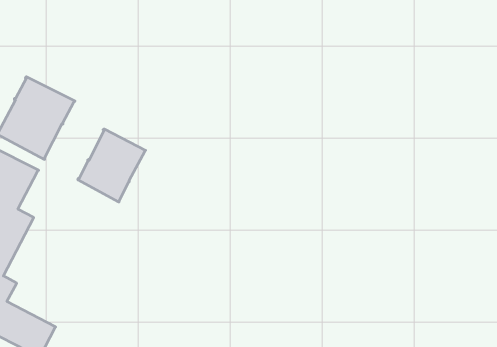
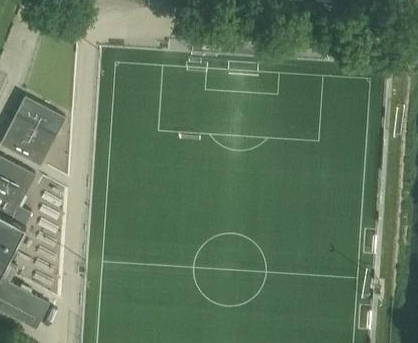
building: [78,129,146,202] -> none

